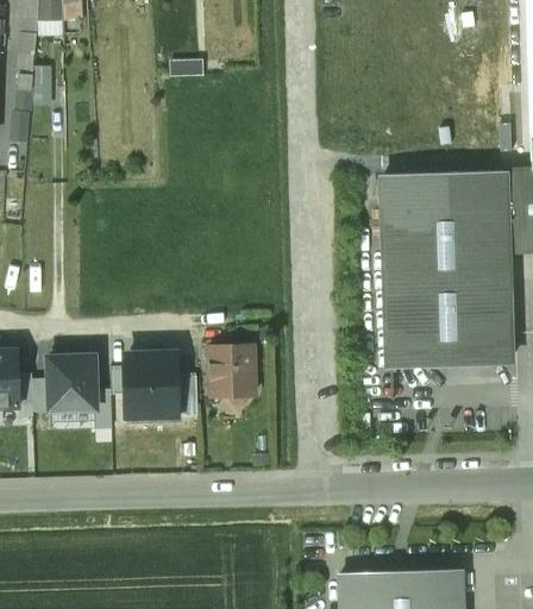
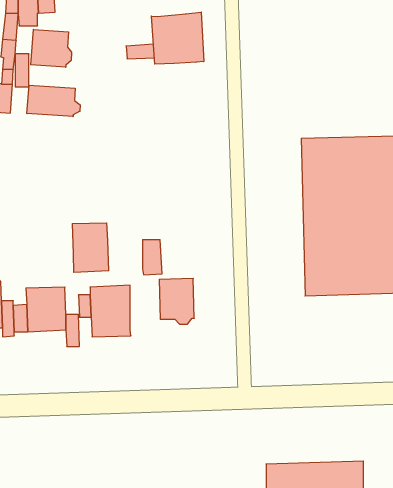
building: none -> [151,12,204,64]
building: none -> [31,29,72,67]
building: none -> [27,85,80,117]
building: none -> [72,223,109,272]
building: [174,373,197,416] -> [143,240,162,275]

